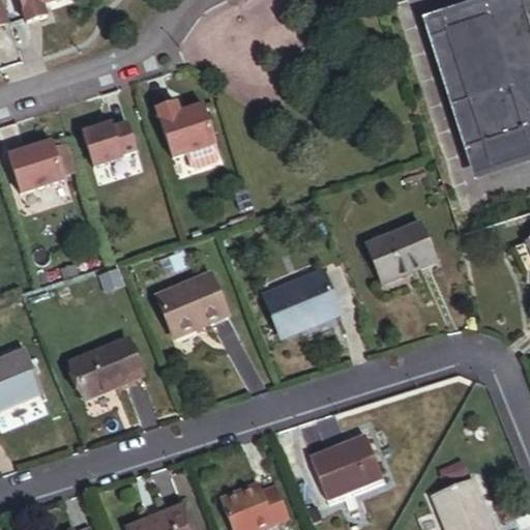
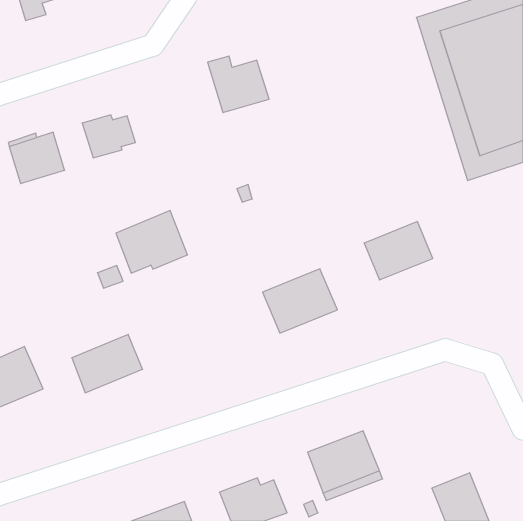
building: [156,94,218,151] -> [208,56,269,113]
building: [157,272,230,335] -> [116,211,188,273]

